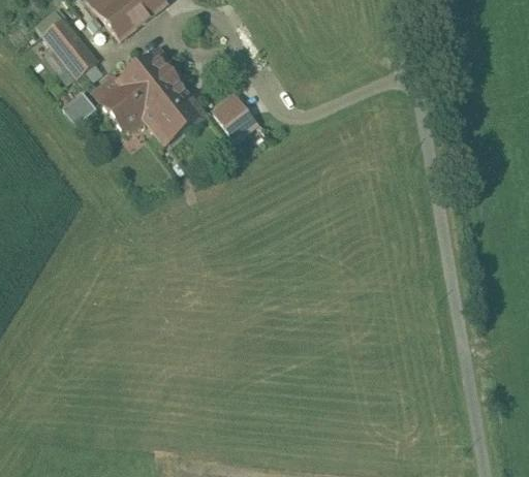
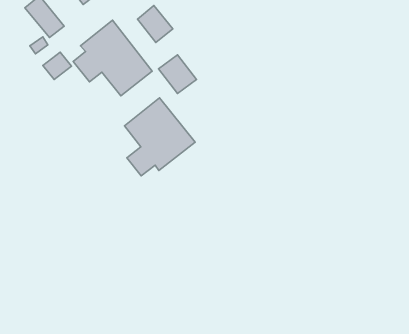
building: none -> [138,6,173,42]
building: none -> [124,98,195,176]

